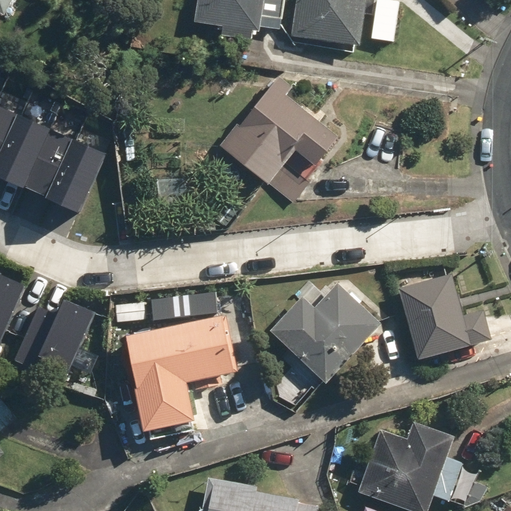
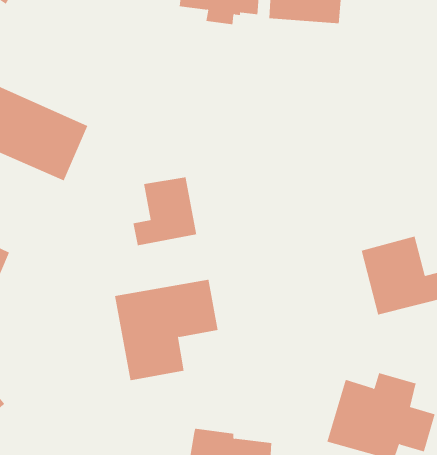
building: [219,80,345,205] -> none
building: none -> [133,176,197,246]
building: [267,284,381,383] -> none
building: [24,300,84,375] -> none

